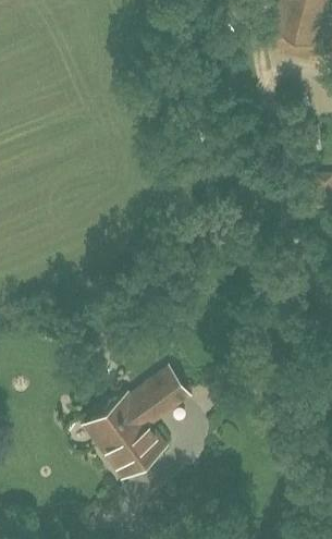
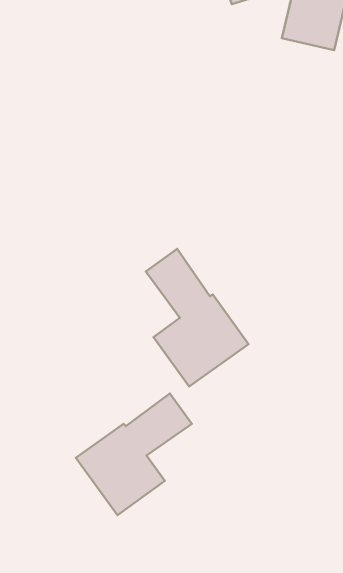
building: none -> [146,249,249,387]

